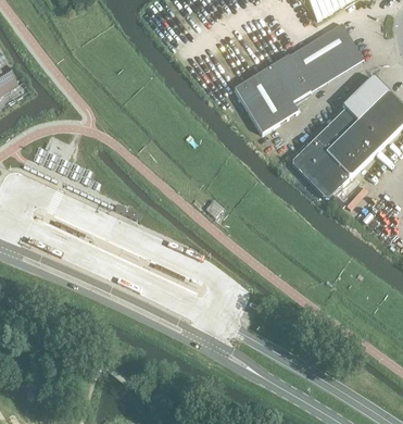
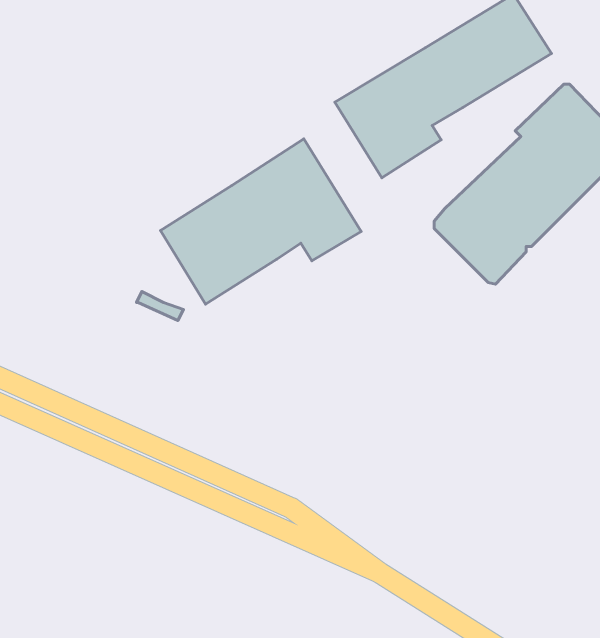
building: none -> [161,139,361,304]

